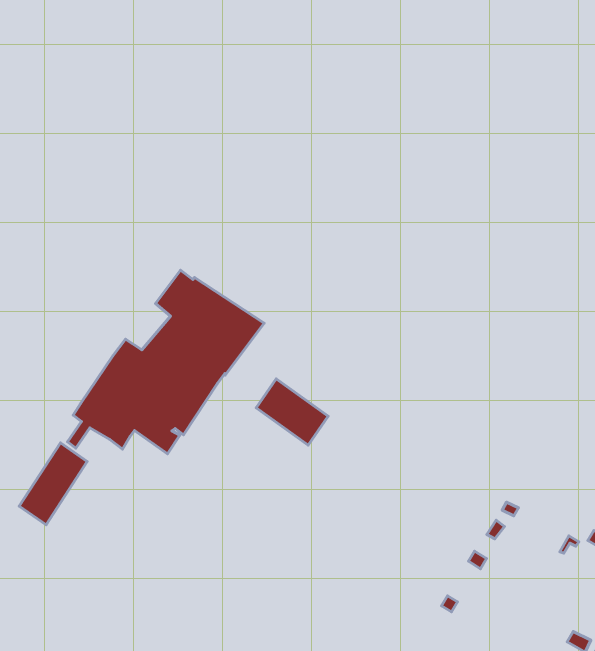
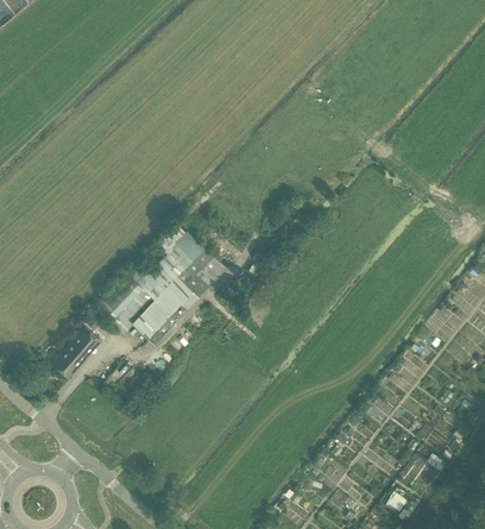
building: [256,379,328,445] -> none

